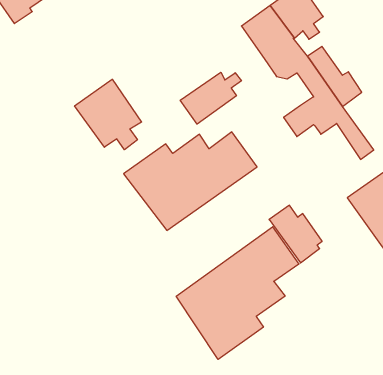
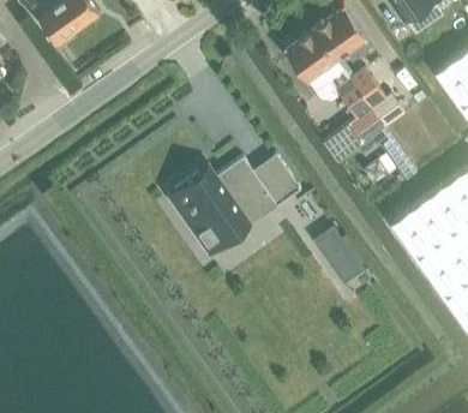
building: [180,72,241,124] -> none
building: [75,79,142,150] -> none
building: [176,227,299,359] -> none

